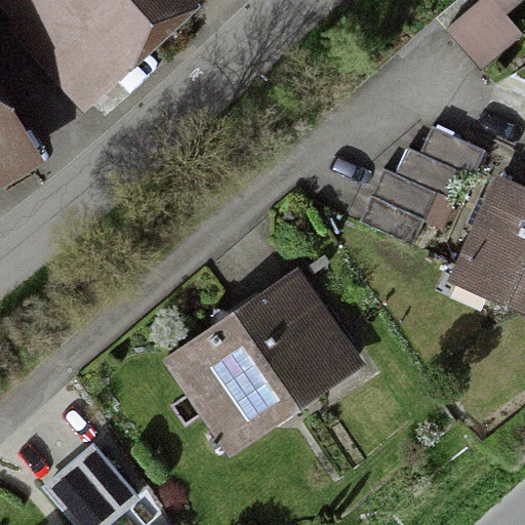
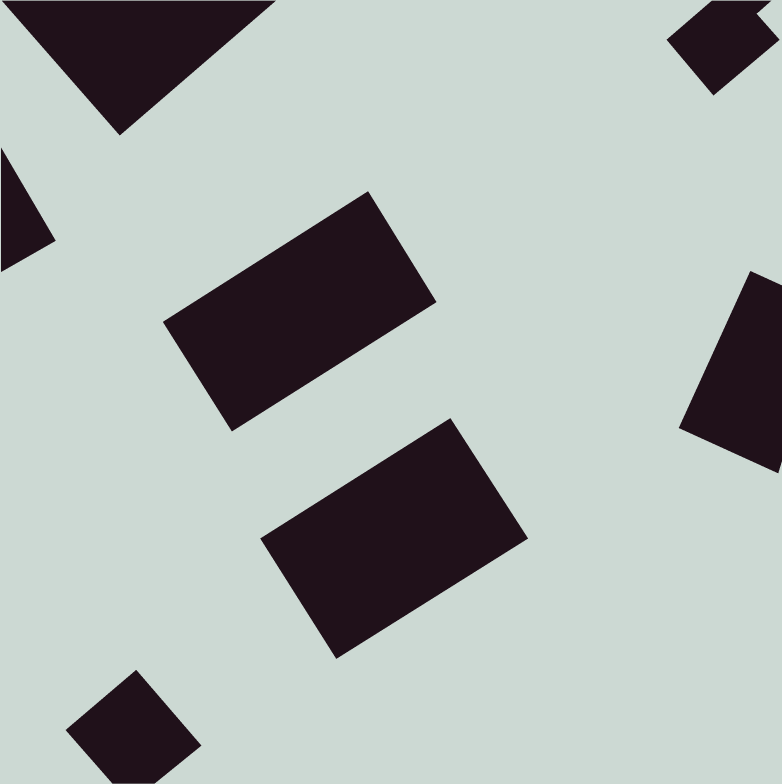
building: [363,126,485,243] -> none
building: none -> [162,190,438,433]

